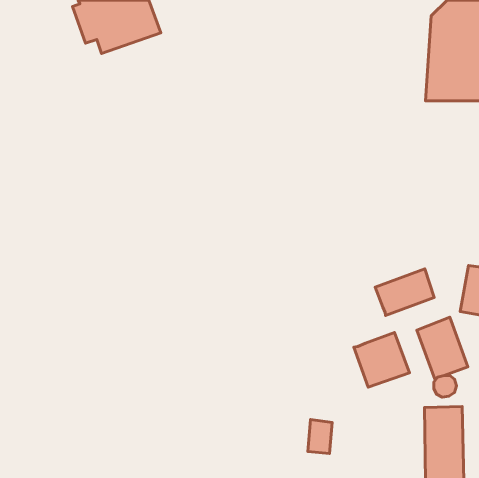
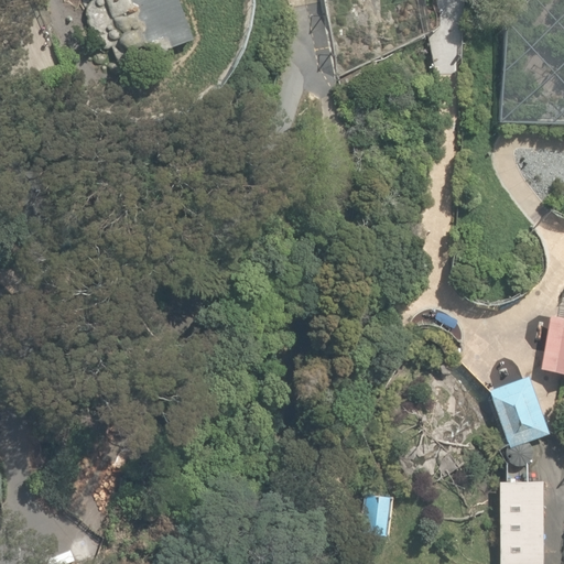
building: [375,269,434,315] -> none
building: [354,333,410,387] -> none

